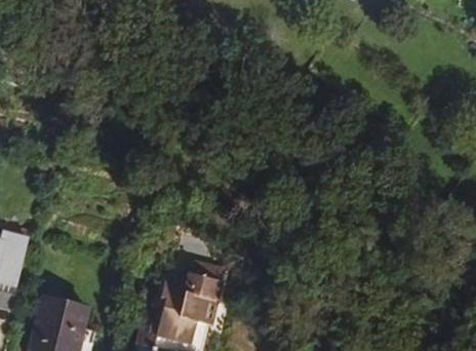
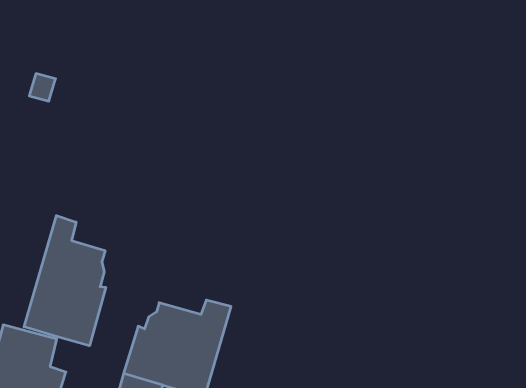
building: none -> [24,216,106,346]

